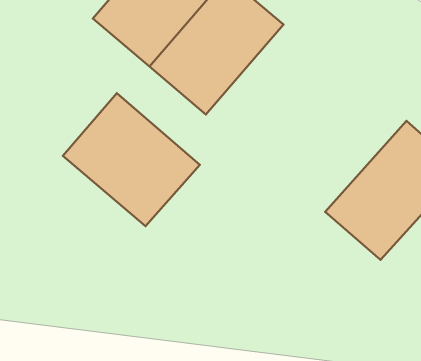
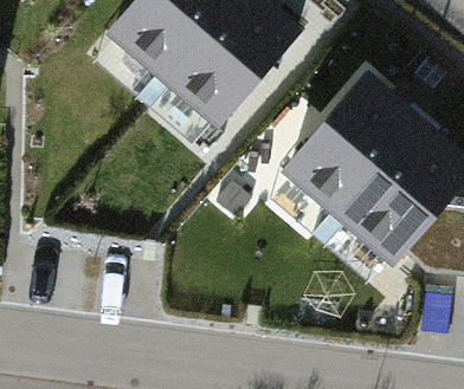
building: none -> [281,85,410,218]
building: [63,93,200,226] -> none

